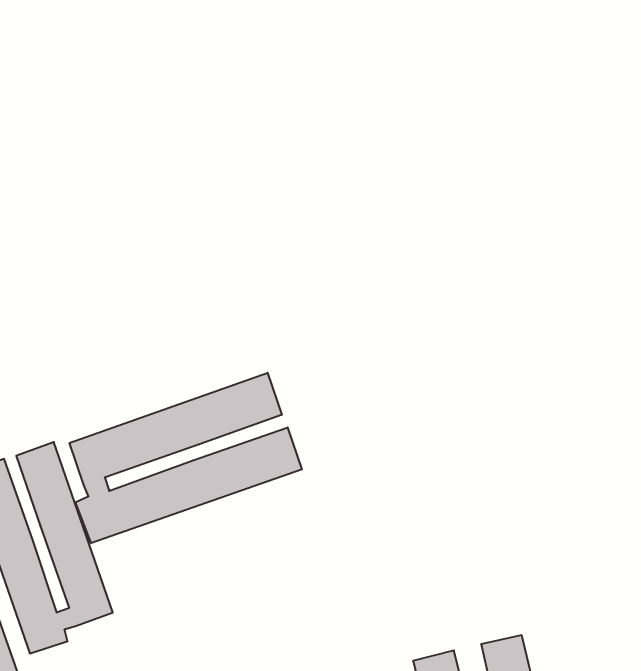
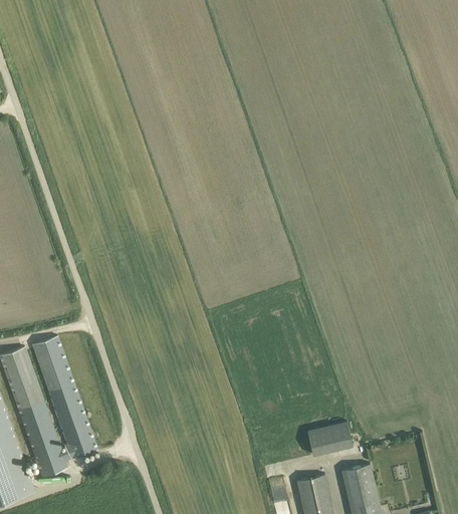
building: [70,373,302,543] -> none
building: none -> [306,423,352,456]

